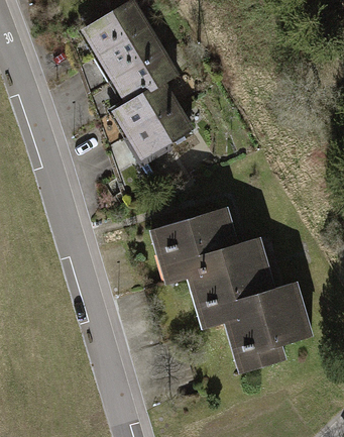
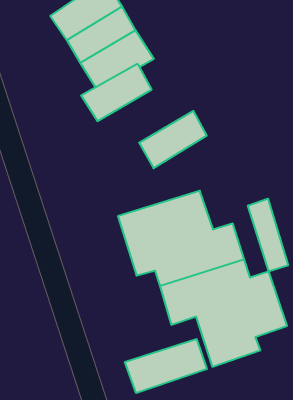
building: [127,103,194,159] -> [139,111,207,168]
building: none -> [248,199,288,272]
building: none -> [125,339,207,393]

